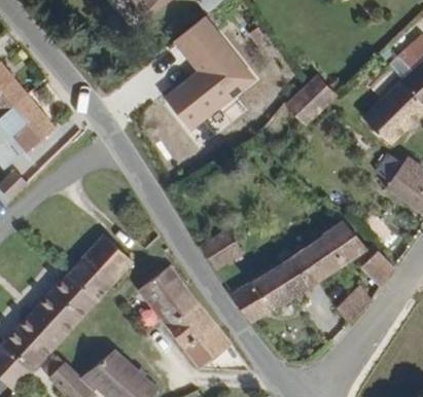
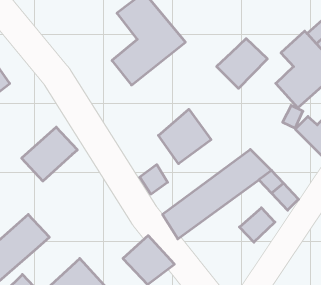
building: none -> [158,109,211,164]
building: [63,248,131,314] -> [22,127,77,181]
building: [143,272,209,339] -> none

